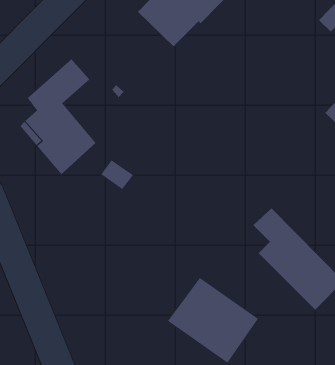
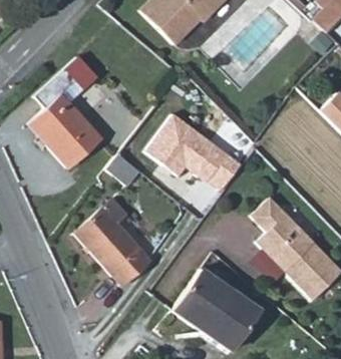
building: none -> [140,112,240,195]
building: none -> [75,198,150,285]

